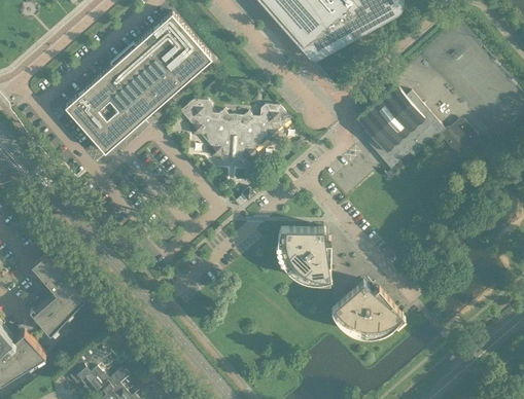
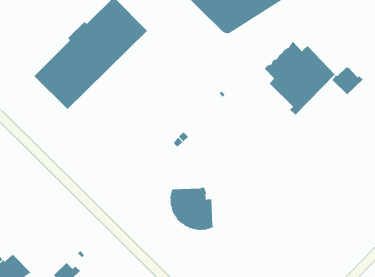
building: [181,101,291,164] -> none
building: [278,228,333,283] -> [170,187,215,231]
building: [30,254,84,335] -> none
building: [331,282,404,336] -> none

